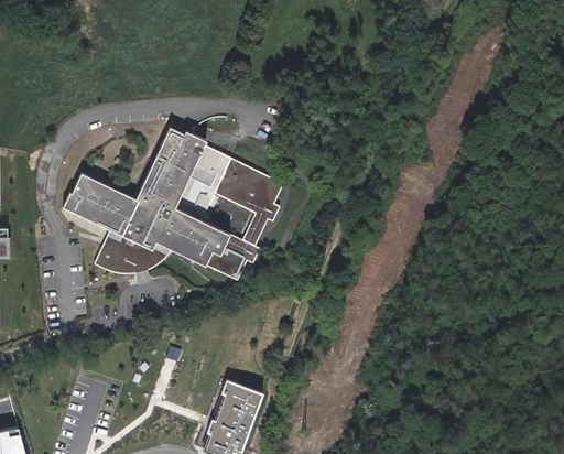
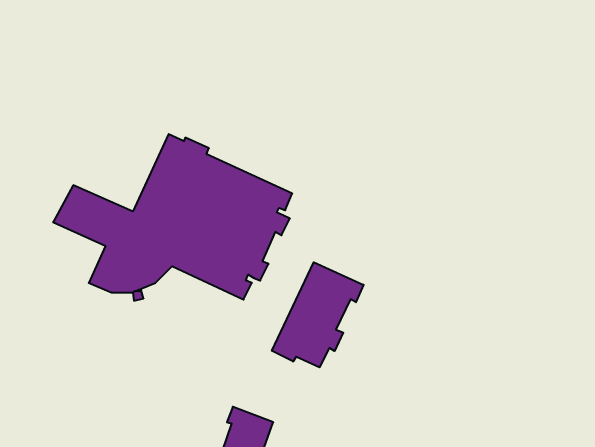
building: none -> [272,262,364,367]

